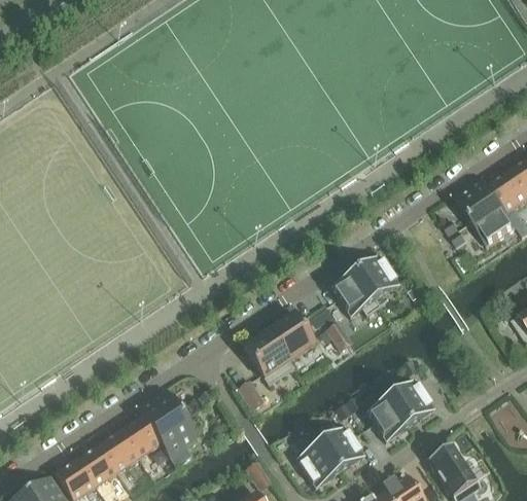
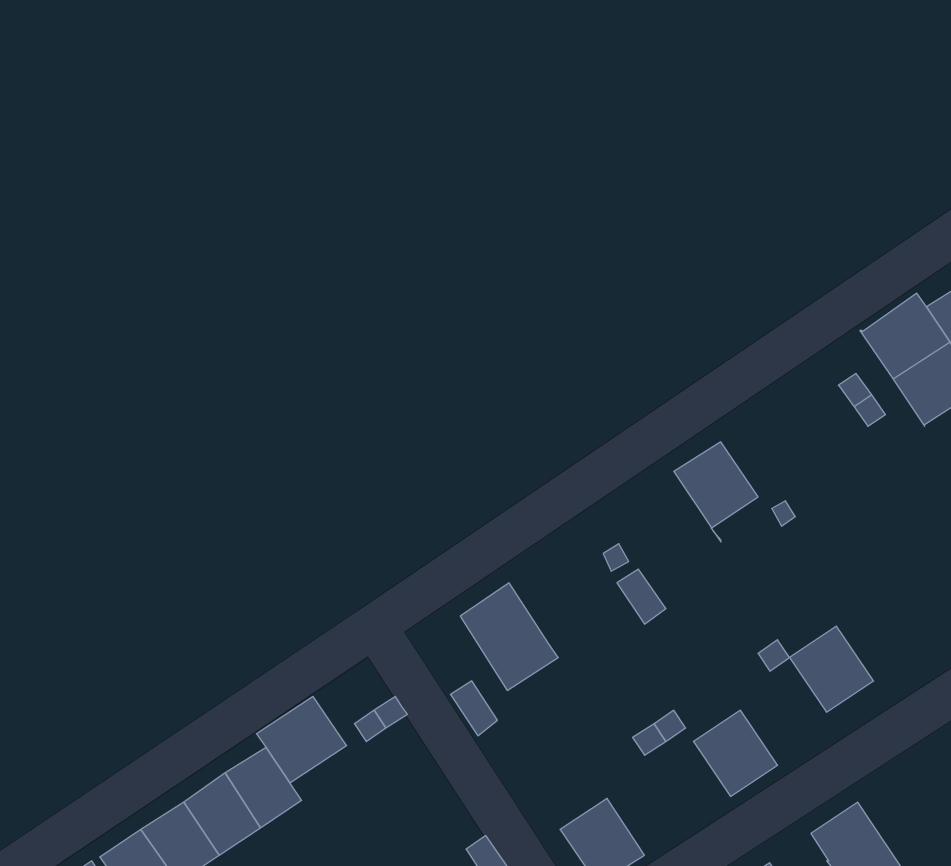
building: [331,271,381,317] -> none
building: [270,313,315,361] -> none
building: [391,380,435,425] -> [789,626,874,712]
building: [154,415,200,458] -> none
building: [321,426,365,472] -> none

